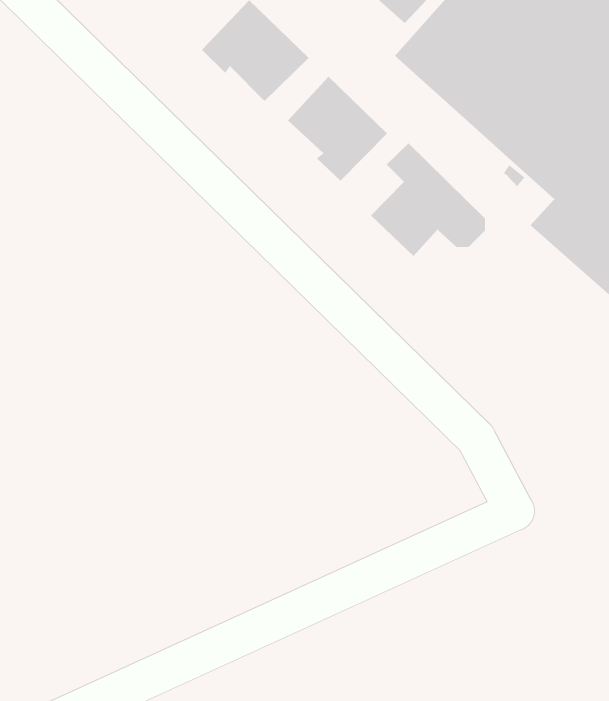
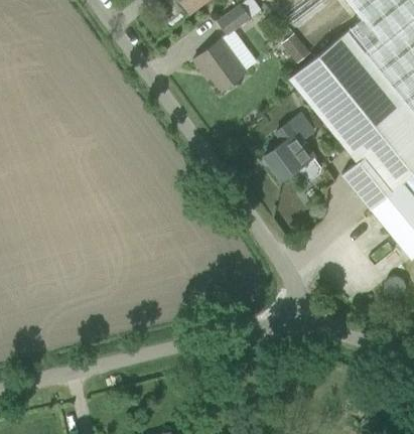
building: [287,76,388,181] -> none

